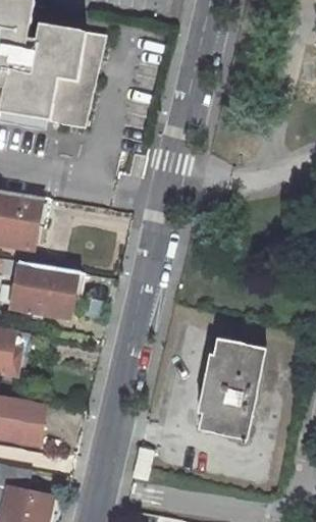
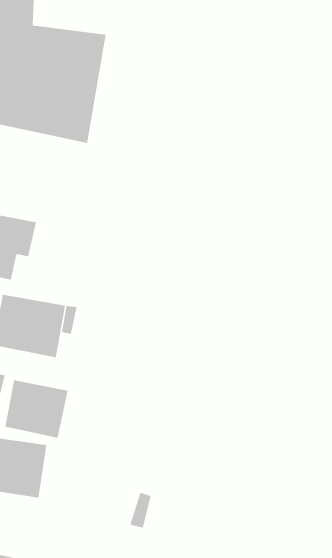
building: [195,329,258,429] -> none
building: none -> [5,380,68,438]

